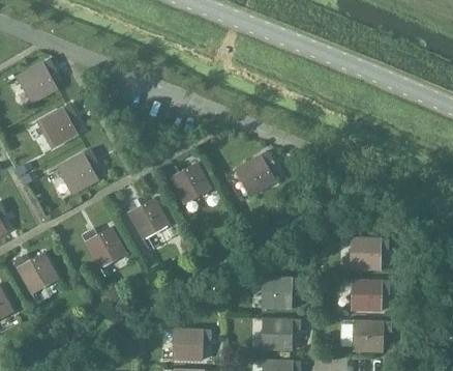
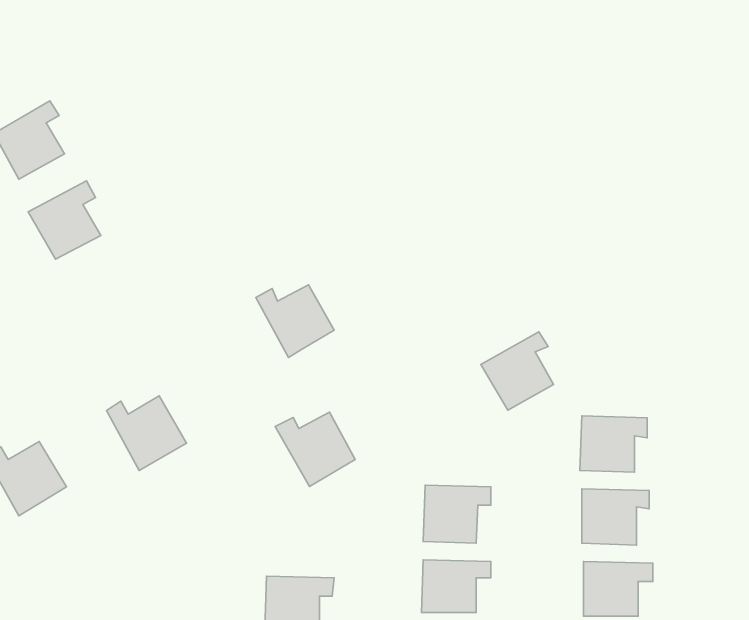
building: [58,148,98,194] -> none
building: [235,151,276,196] -> [481,332,554,410]
building: [124,197,170,239] -> [275,412,355,487]

